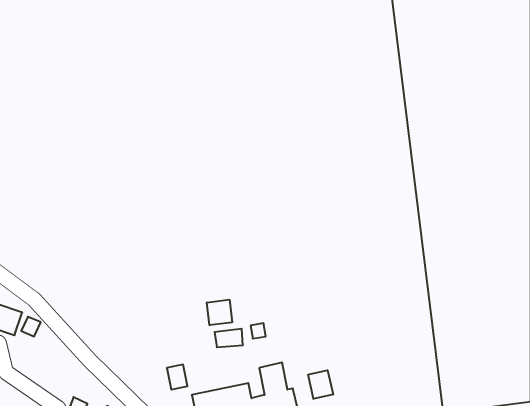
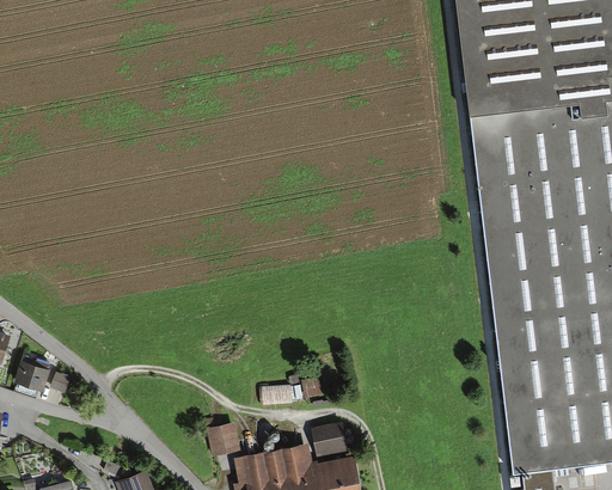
building: [207,300,232,325] -> none
building: [308,370,333,399] -> none

